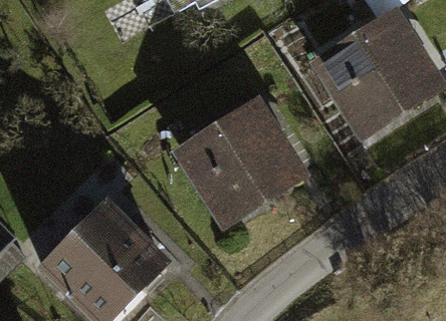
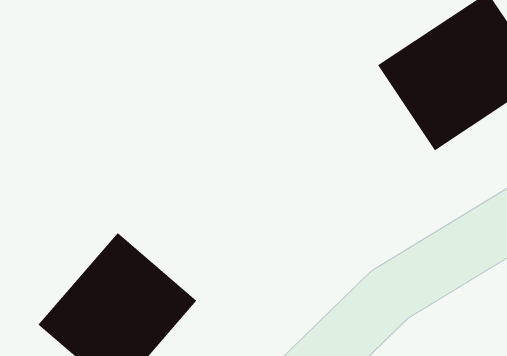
building: [178,99,303,223] -> none

